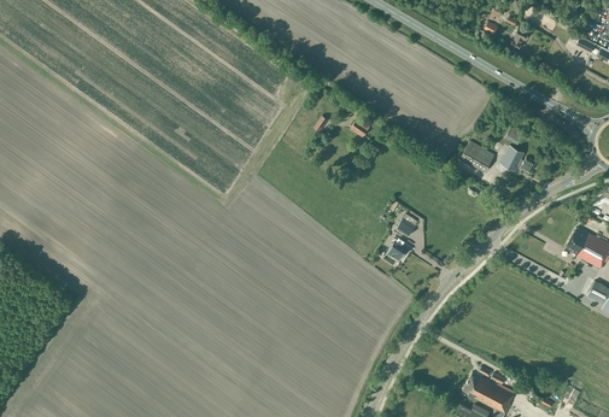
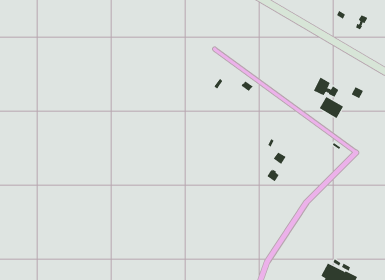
building: [500,145,537,174] -> [313,77,339,98]

